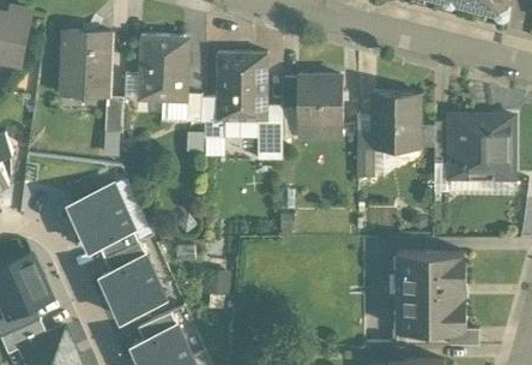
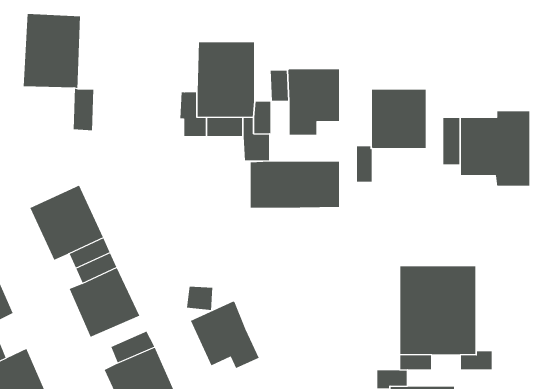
building: [139,37,188,104] -> none
building: none -> [250,161,339,209]
building: none -> [190,301,259,369]

